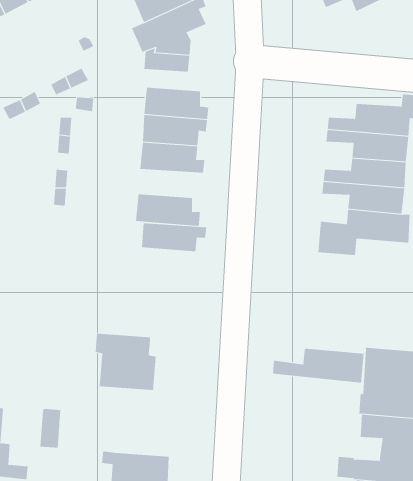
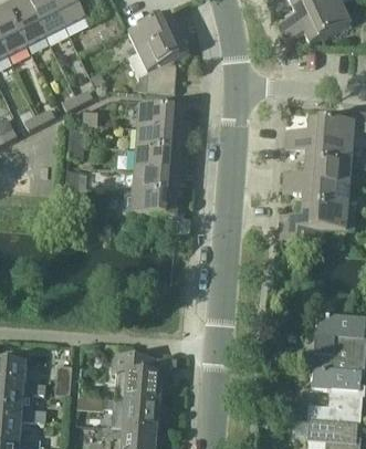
building: [141,223,207,252] -> [134,171,187,195]
building: [95,333,156,391] -> [112,357,161,404]
building: [272,348,364,383] -> none

